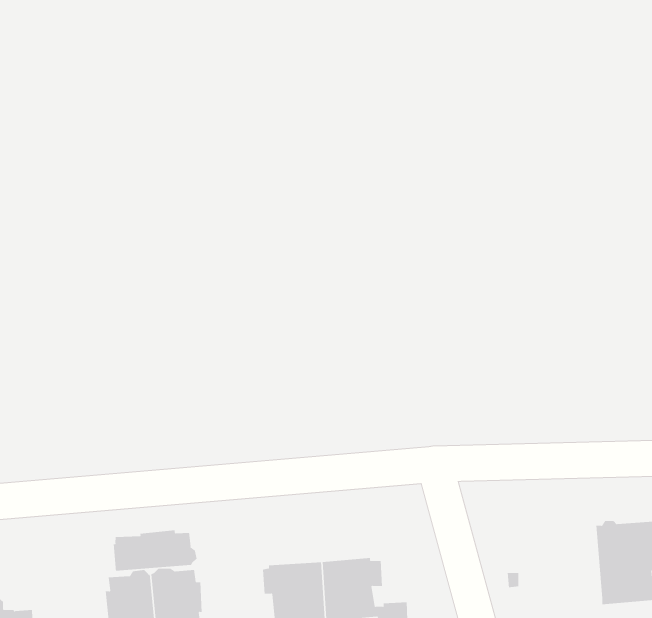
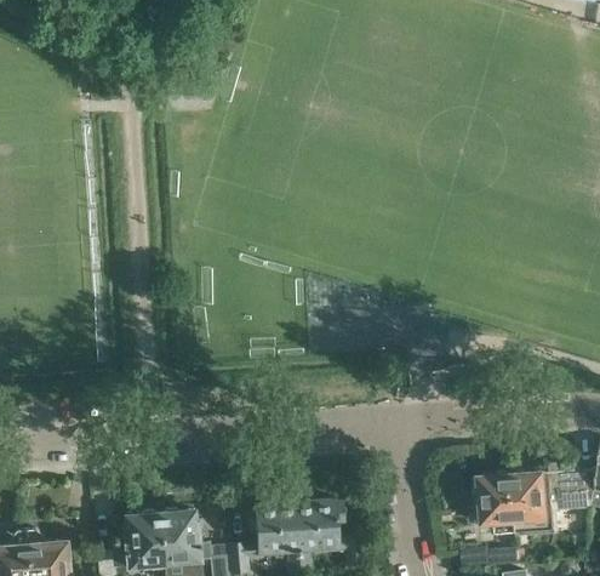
building: none -> [474,471,516,532]
building: [113,529,197,571] -> none

